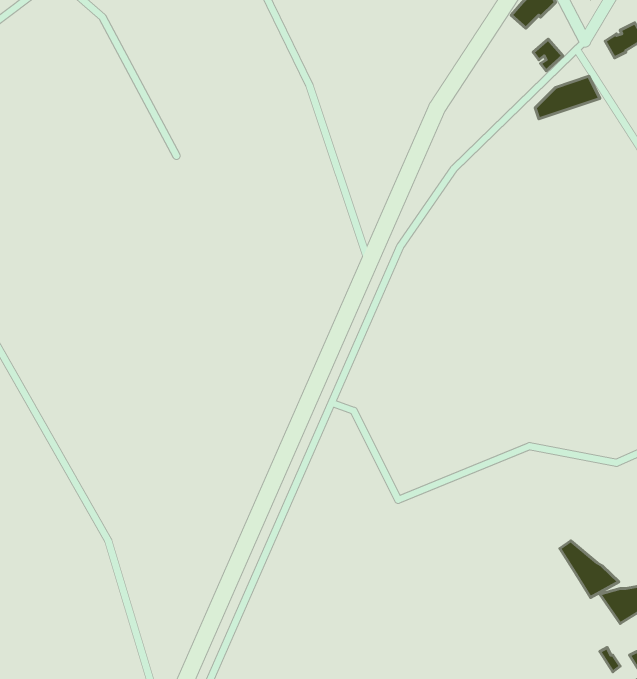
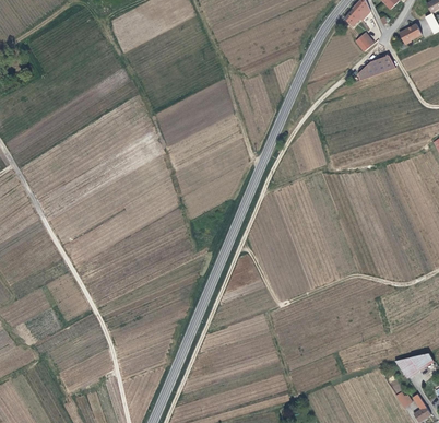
building: [560,541,619,597] -> none

